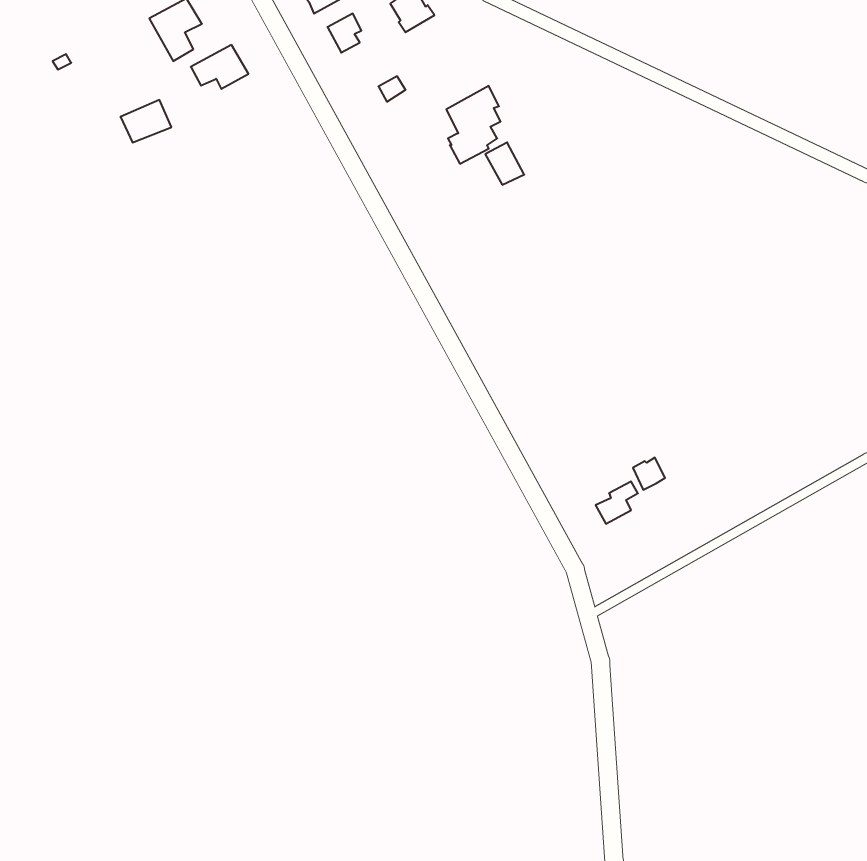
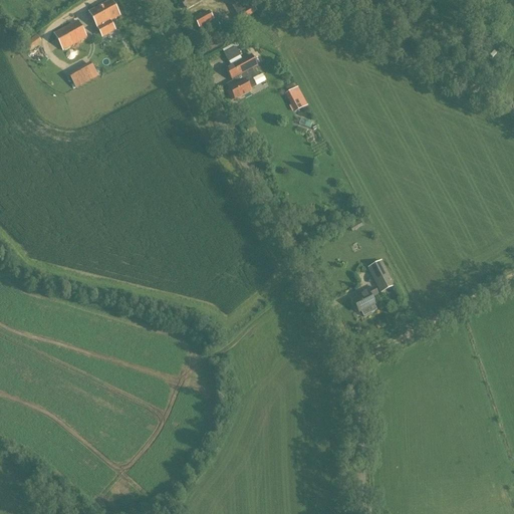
building: [191,45,248,89] -> [53,18,87,44]
building: [446,86,501,164] -> [226,52,258,98]

